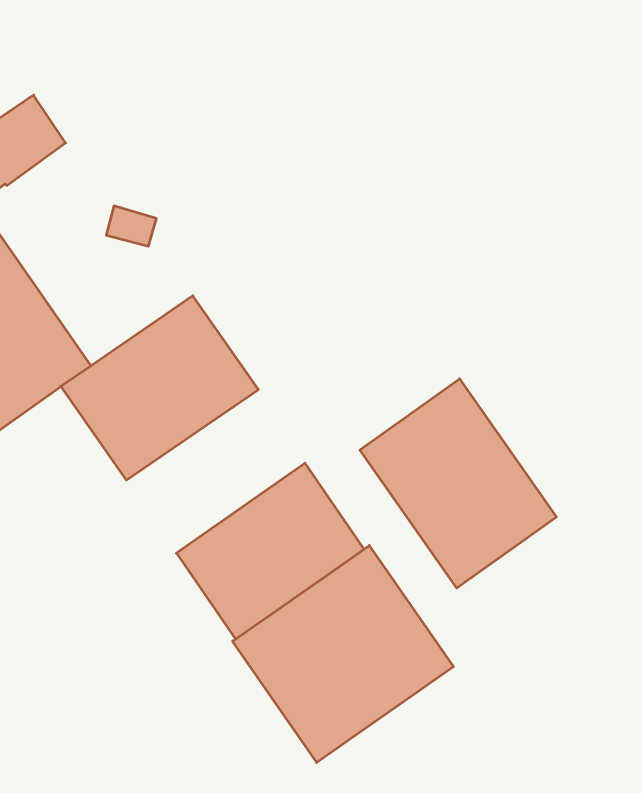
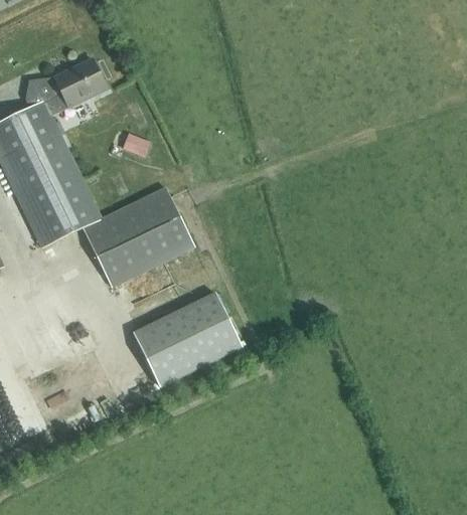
building: [360,379,556,588] -> none
building: [233,545,453,763] -> none

